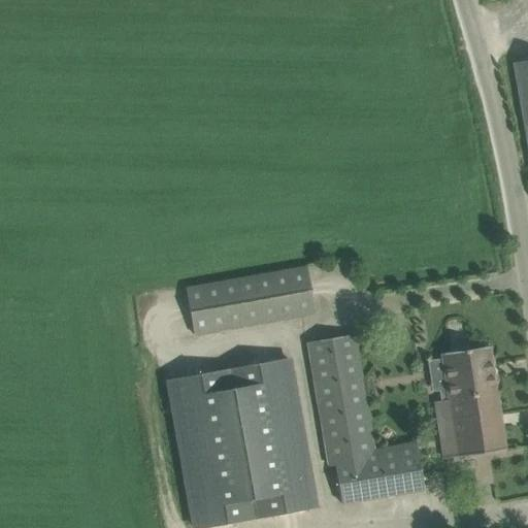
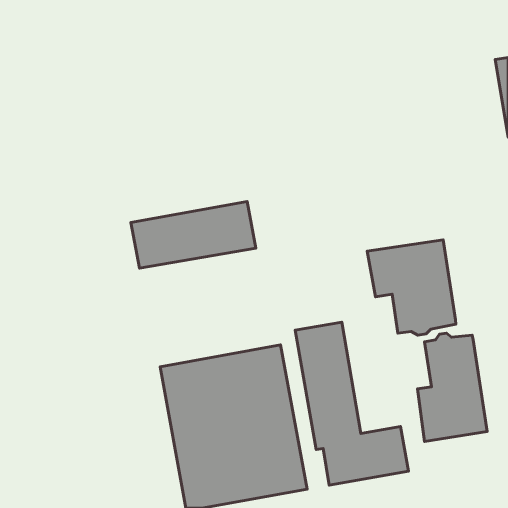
building: none -> [367,240,456,335]
building: [185,266,315,335] -> [131,201,256,268]

